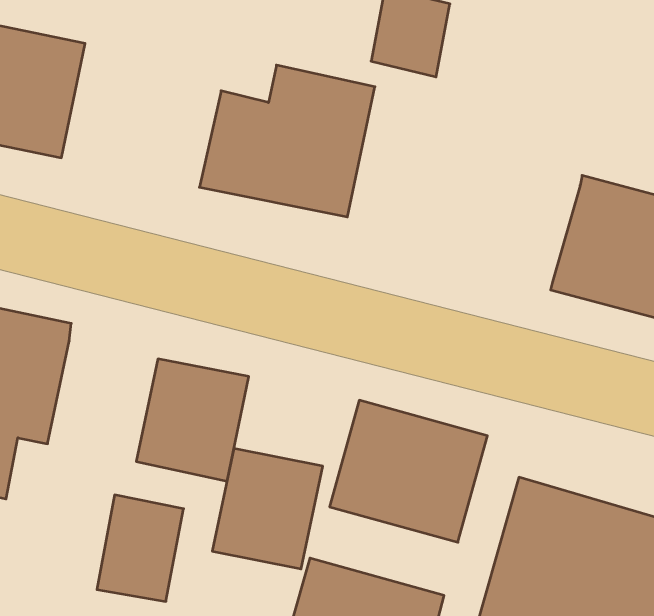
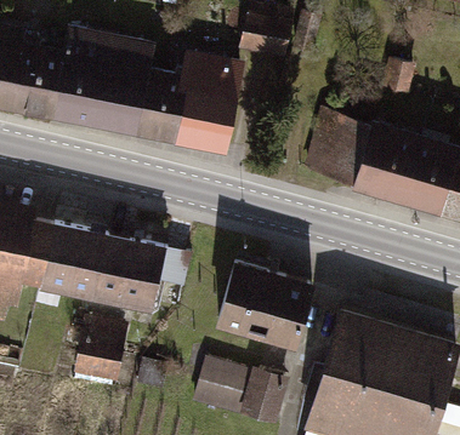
building: none -> [53,32,155,131]
building: none -> [305,115,373,189]
building: [212,449,323,569] -> [45,225,113,299]

